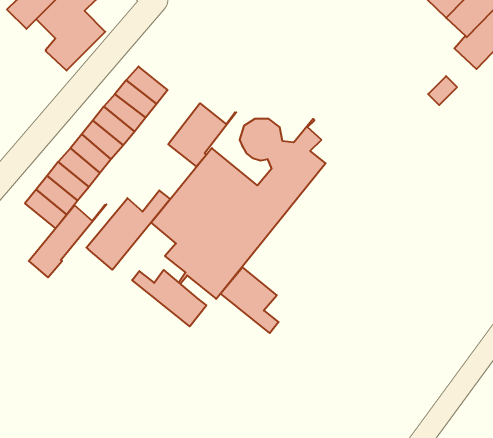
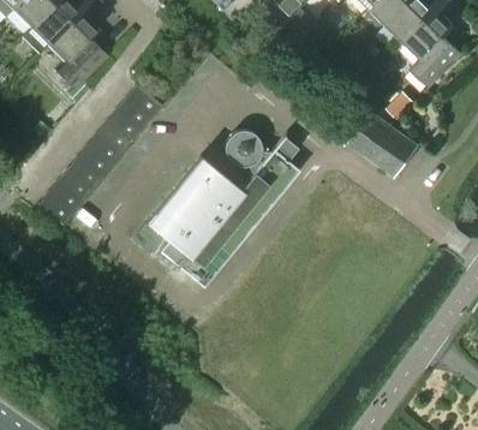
building: none -> [348,113,418,178]
building: [168,103,236,166] -> none
building: [86,190,170,270] -> none
building: [29,204,106,277] -> none
building: [221,267,279,333] -> none
building: [132,270,206,326] -> none

